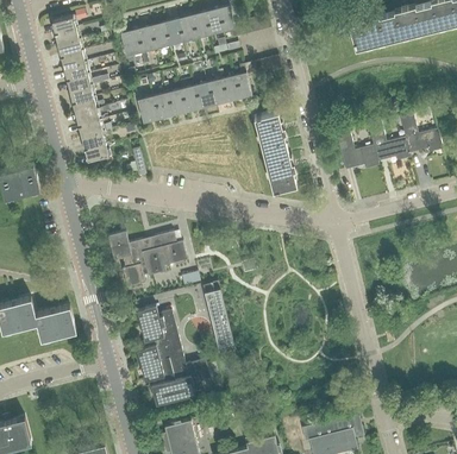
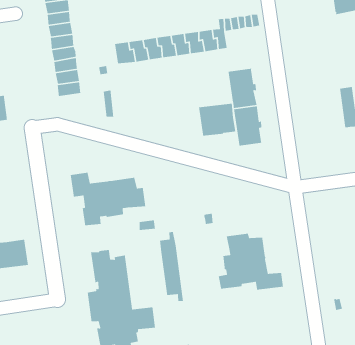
building: [334,127,377,175] -> none
building: none -> [198,103,236,137]
building: none -> [218,233,284,291]

